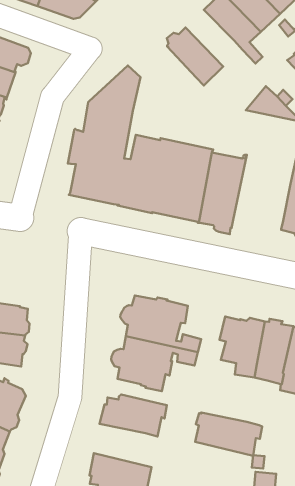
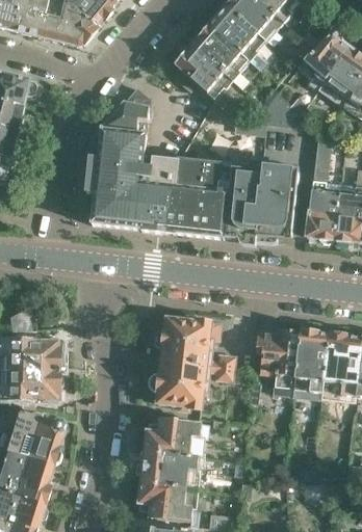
building: none -> [190,24,249,85]
building: none -> [255,165,298,243]
building: [195,412,262,456] -> [138,449,205,487]

